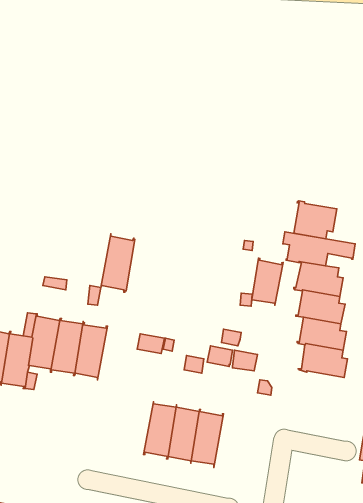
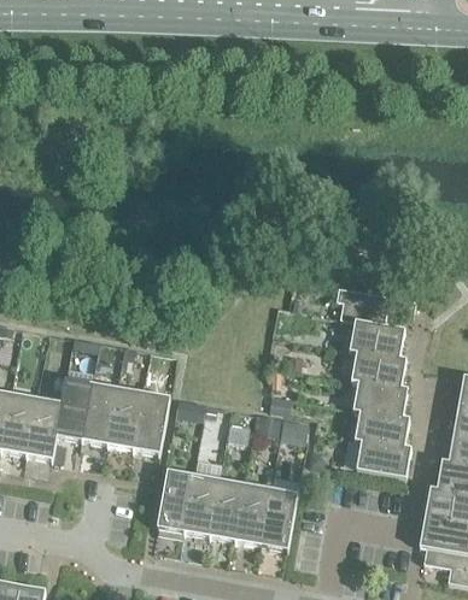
building: [294,201,337,239] -> none
building: [101,234,135,292] -> [131,390,169,454]
building: [251,258,283,305] -> none
building: none -> [355,440,409,477]
building: none -> [156,469,193,531]
building: none -> [259,487,297,549]

